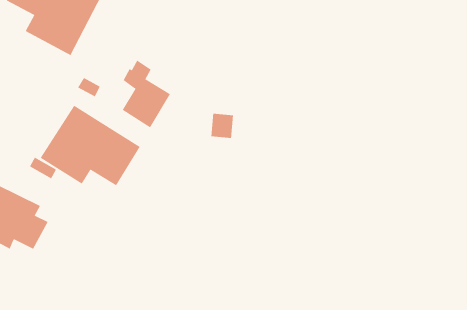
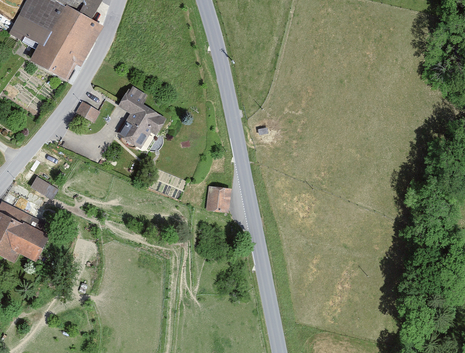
building: [40,105,140,186] -> none
building: [210,113,234,139] -> [208,187,230,211]

